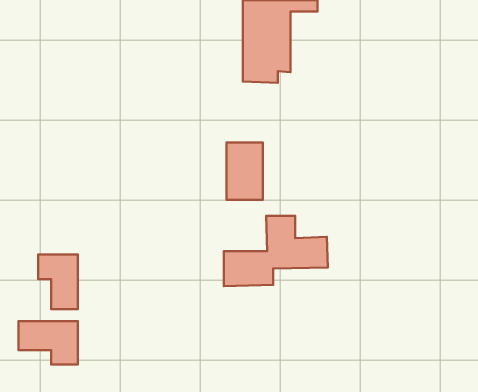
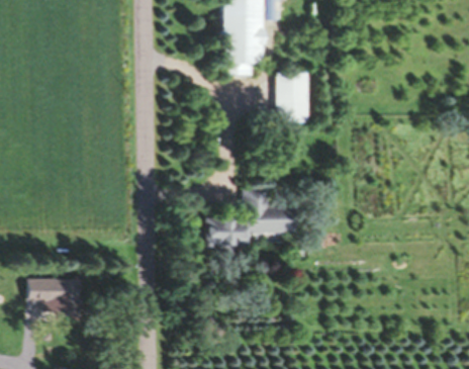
building: [226,142,263,200] -> [276,73,307,122]
building: [38,254,78,309] -> none

